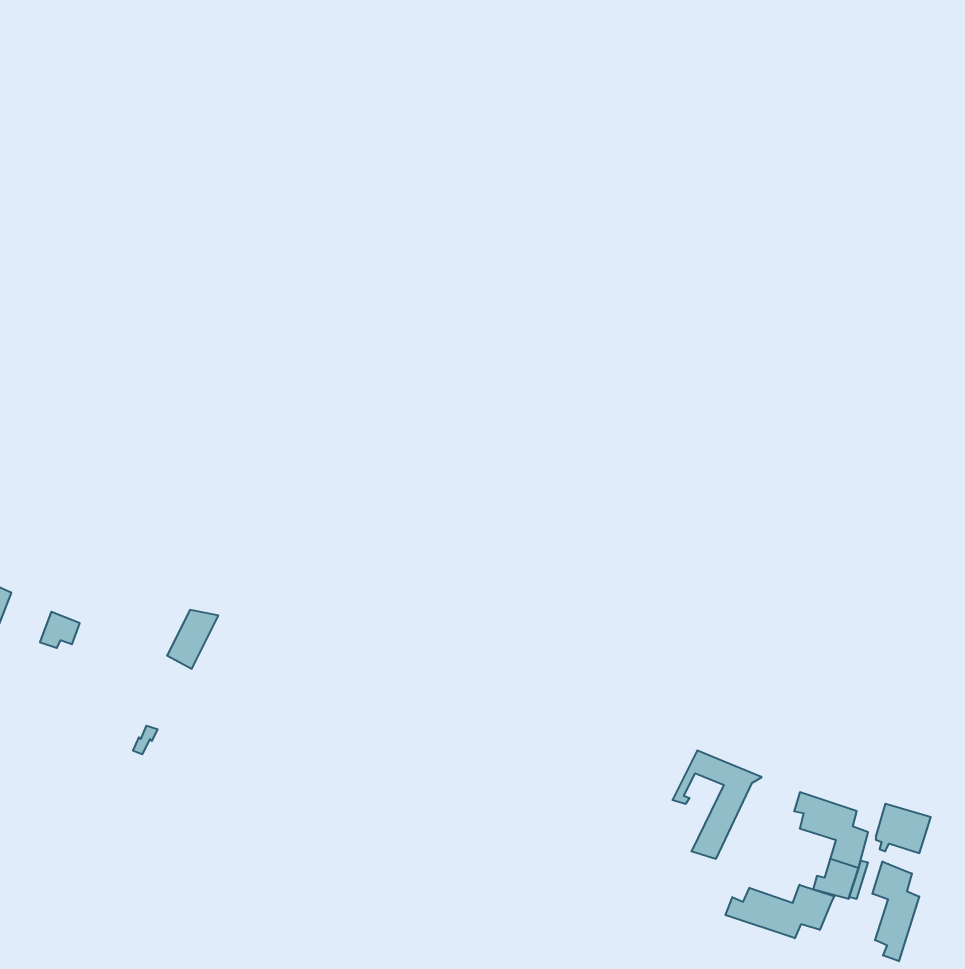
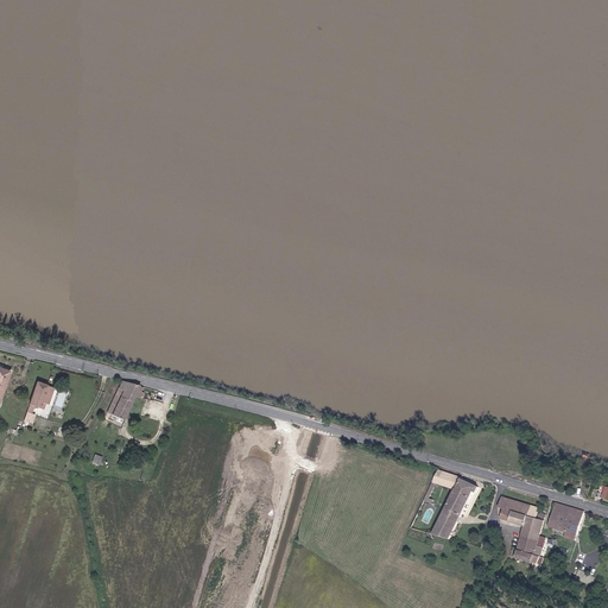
building: [872,861,919,961] -> none
building: [726,885,834,938] -> none

